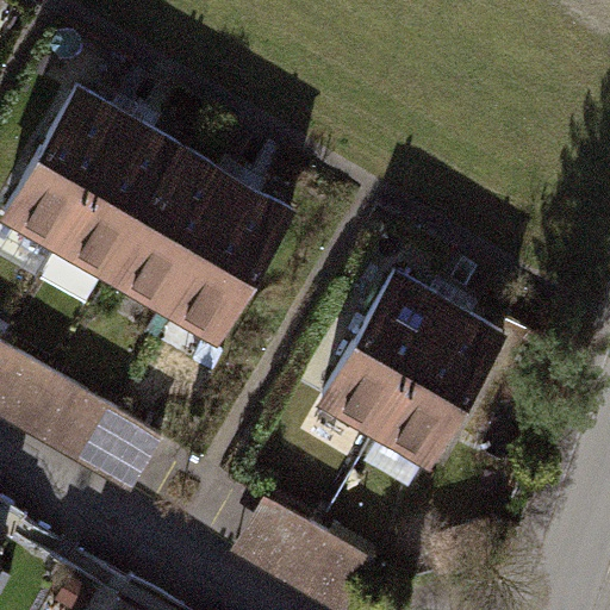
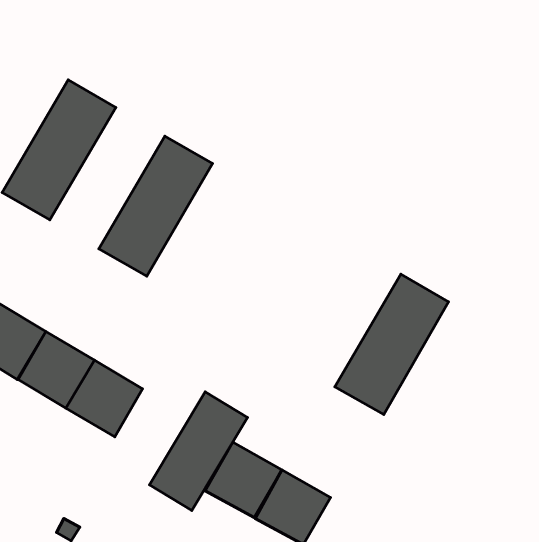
building: [56,122,183,279] -> none
building: [164,185,292,342] -> none
building: [323,276,450,434] -> none
building: none -> [150,392,248,510]

